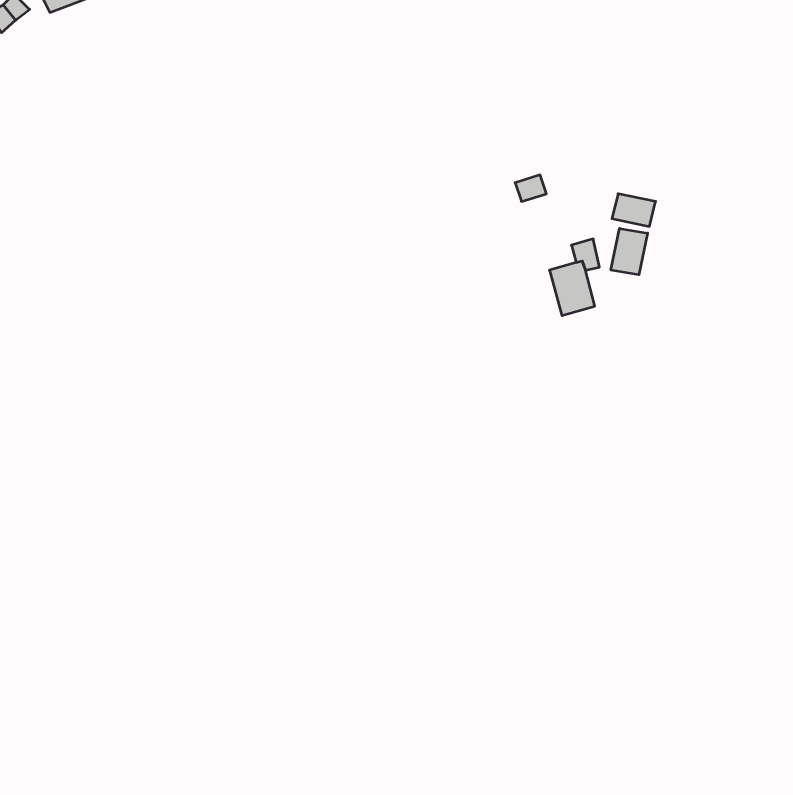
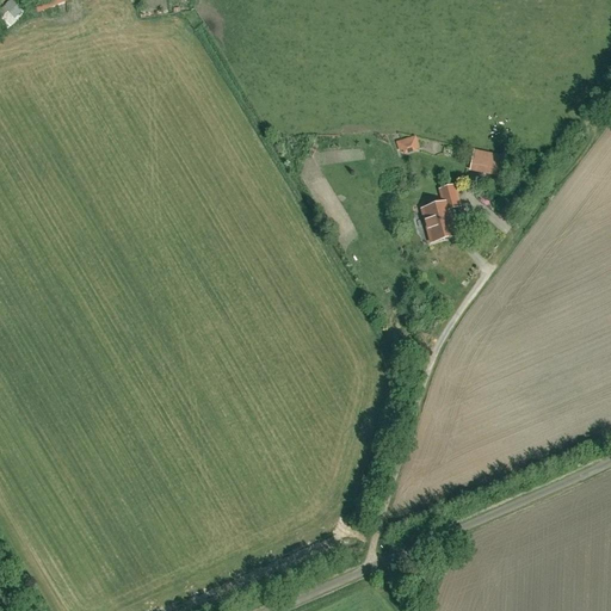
building: [611,228,648,275] -> none

